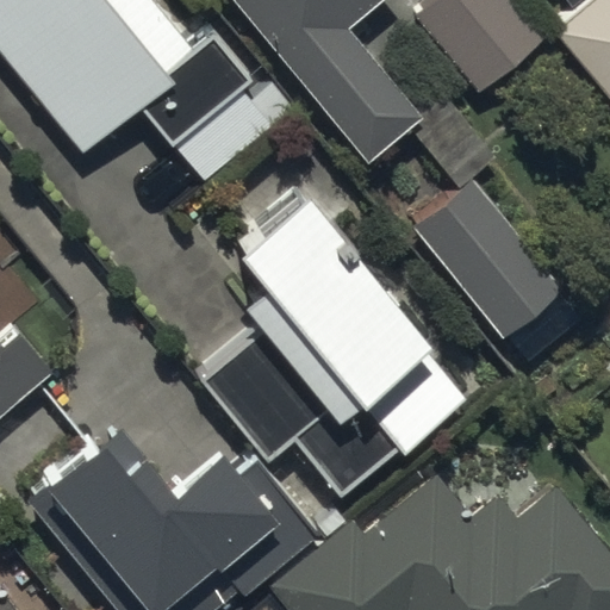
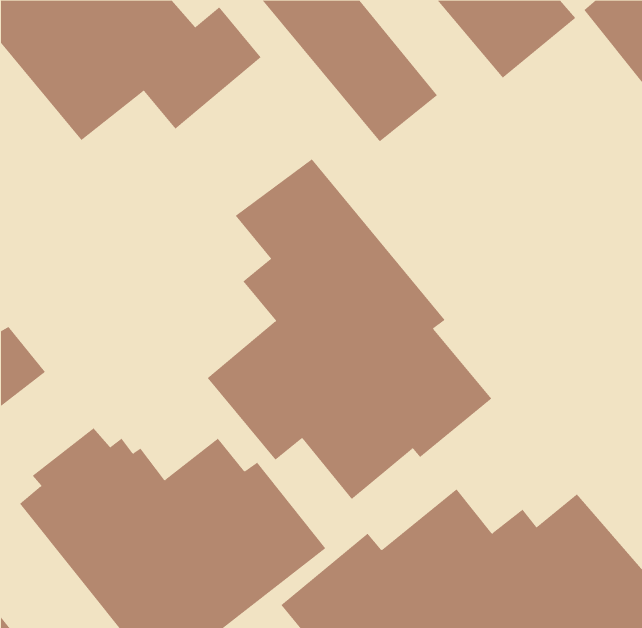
building: [411,176,584,362] -> none

